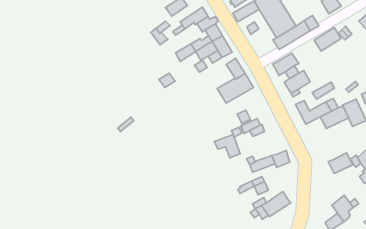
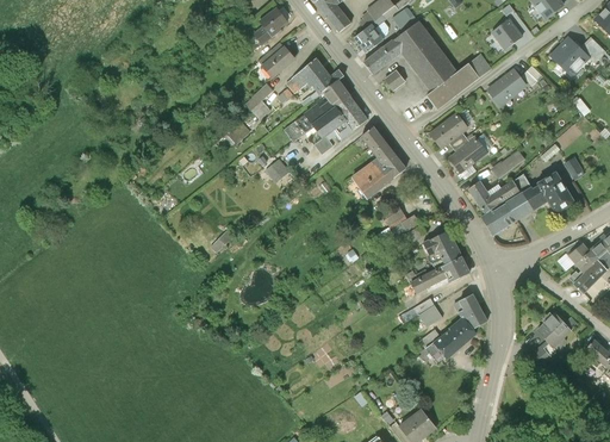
building: [215,135,240,158] -> [423,229,462,263]
building: [328,153,353,173] -> [481,201,518,234]
building: none -> [455,294,487,329]

